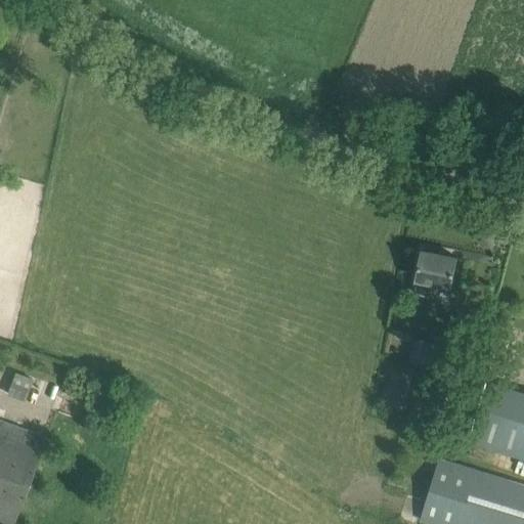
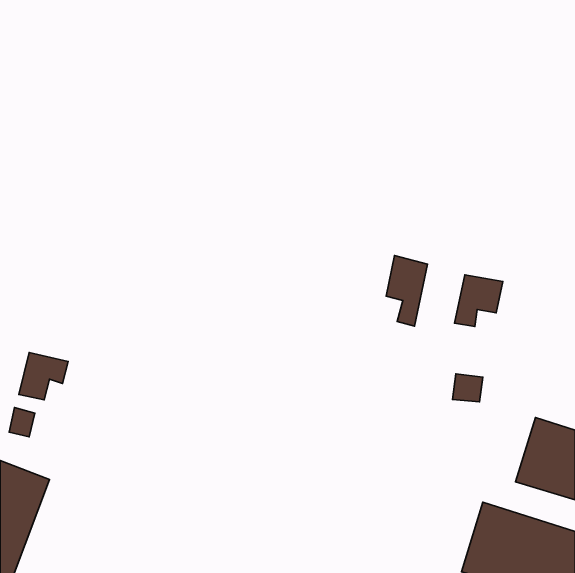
building: none -> [386,256,428,326]
building: none -> [19,353,68,400]

